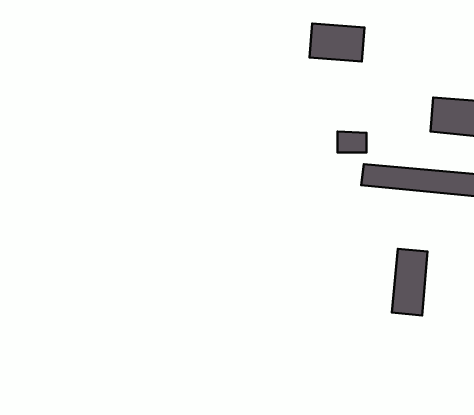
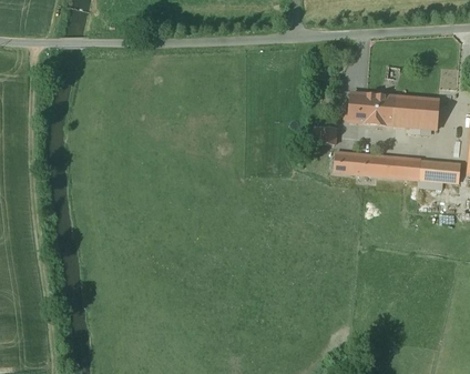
building: [310,24,365,62] -> [348,92,395,124]
building: [392,249,427,316] -> none

